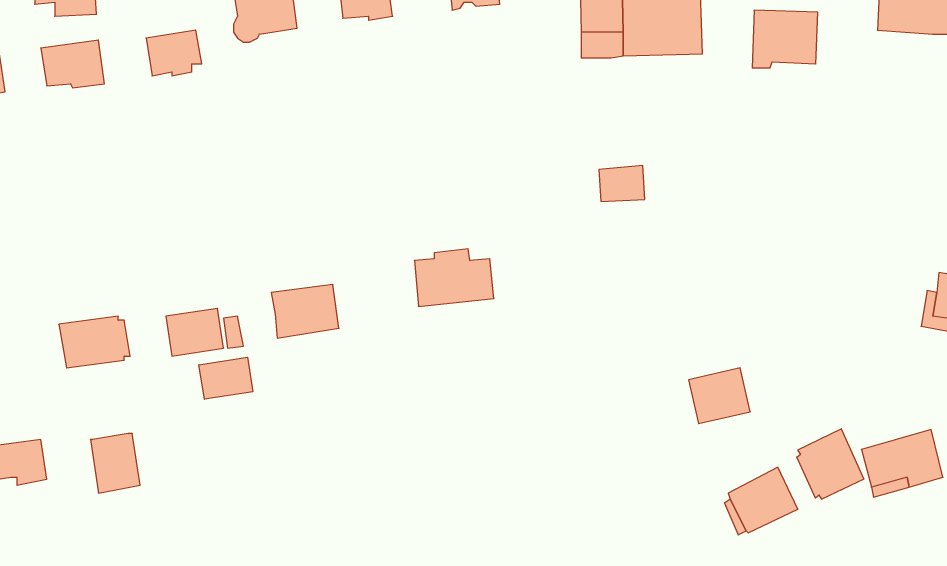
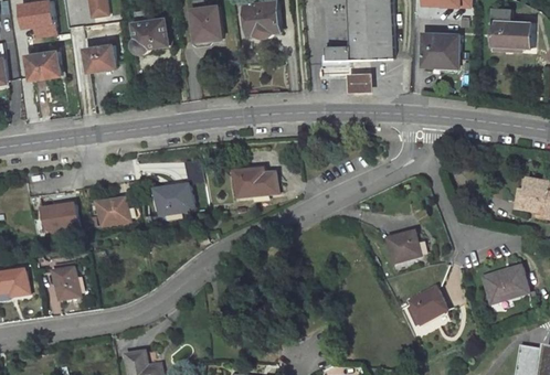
building: [599,166,645,201] -> [349,72,374,92]
building: [199,357,253,399] -> none
building: [797,429,864,499] -> none

